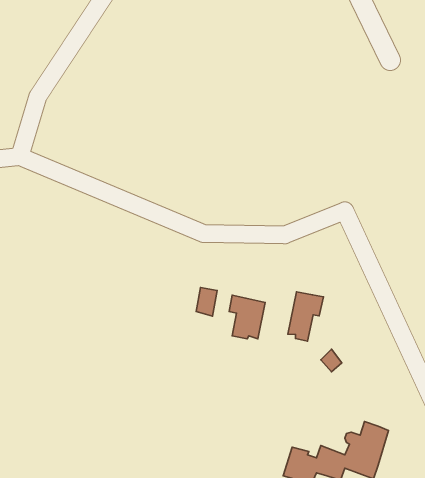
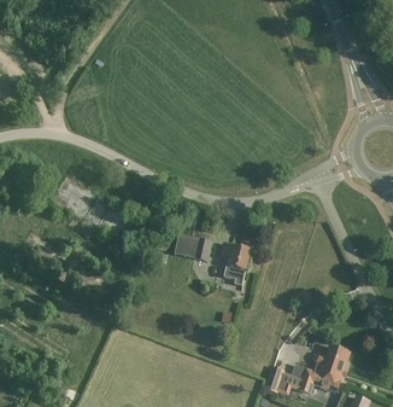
building: [288,292,324,341] -> none

